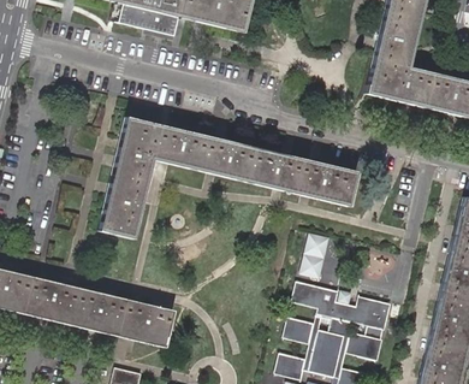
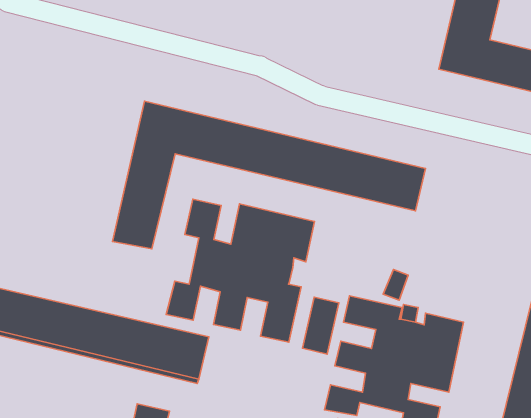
building: none -> [166,199,315,342]
building: [298,232,328,279] -> [302,297,339,354]

